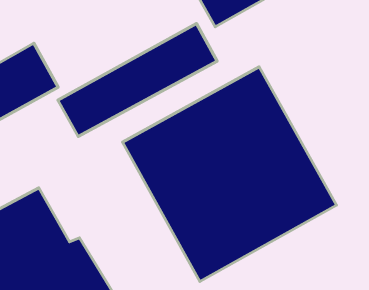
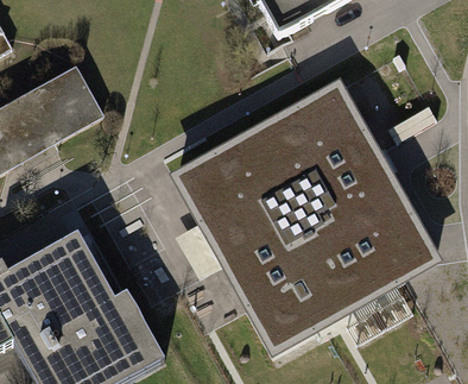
building: [58,23,217,136] -> none

